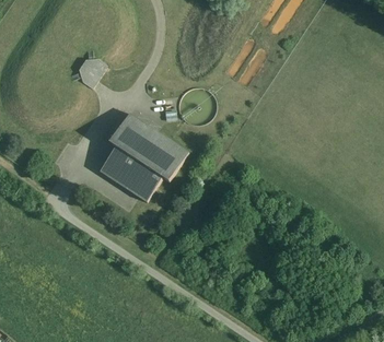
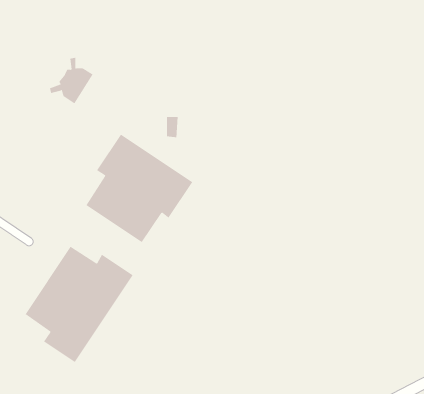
building: none -> [25,246,134,363]

